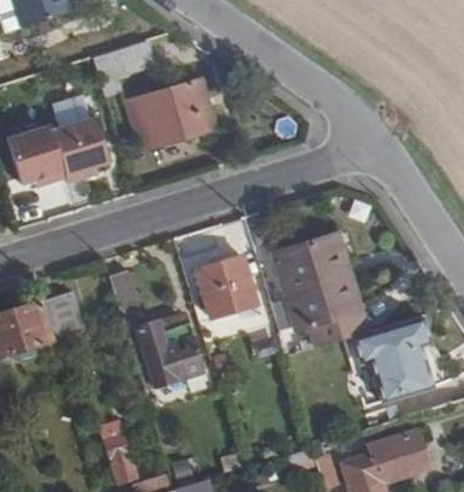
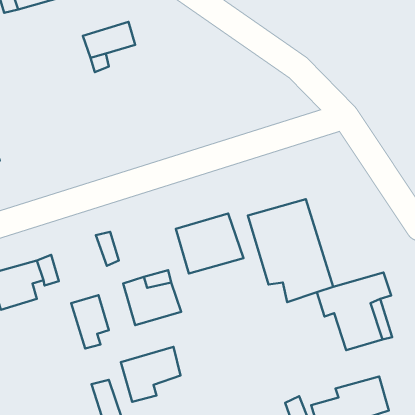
building: [124,80,206,152] -> none
building: [8,92,113,191] -> none
building: none -> [71,295,109,348]
building: none -> [121,347,181,402]

